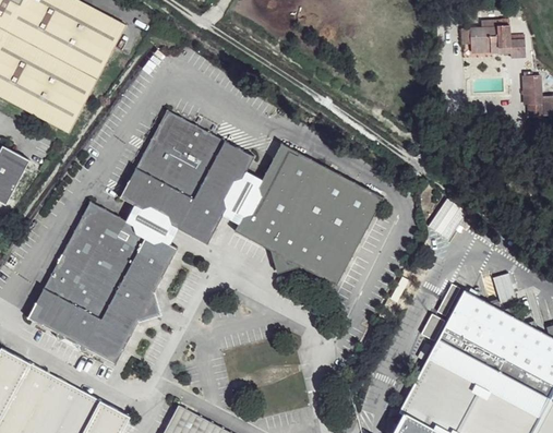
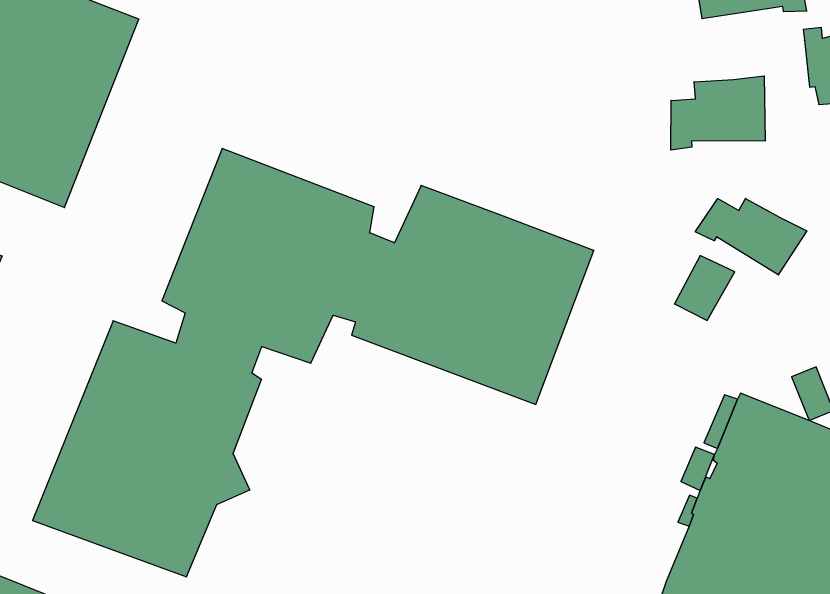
building: none -> [671,76,765,150]
building: none -> [695,198,807,275]

